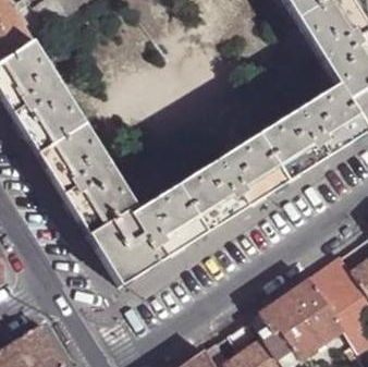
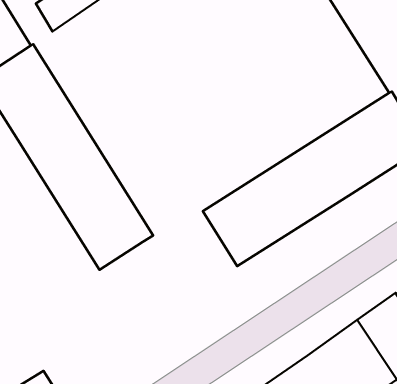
building: [89,184,207,284] -> none

